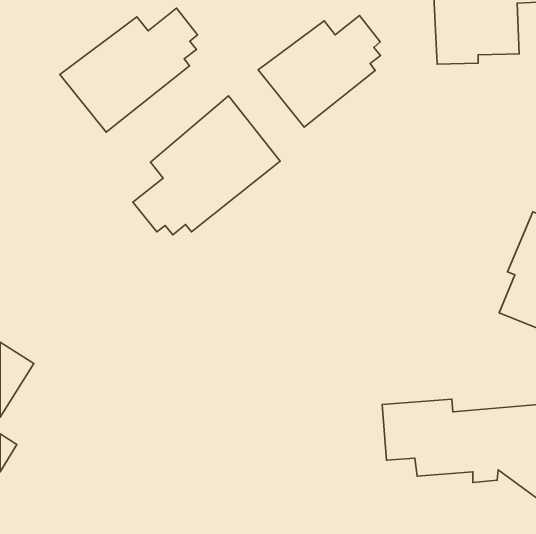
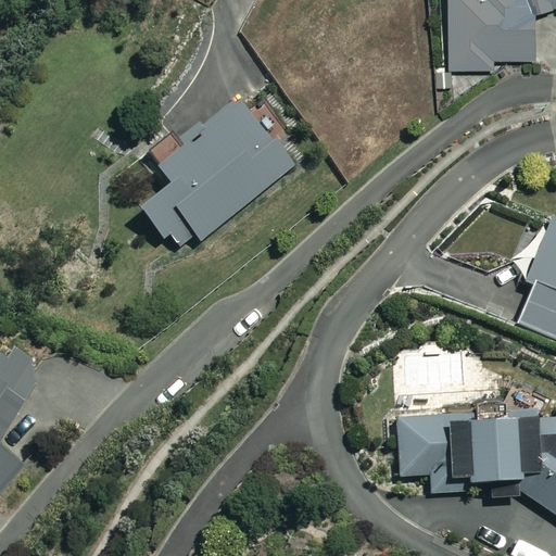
building: [60,8,197,132] -> none
building: [258,15,381,127] -> none

